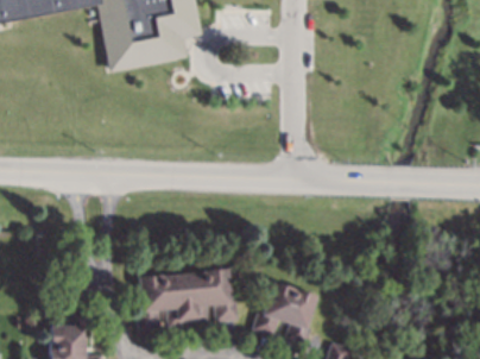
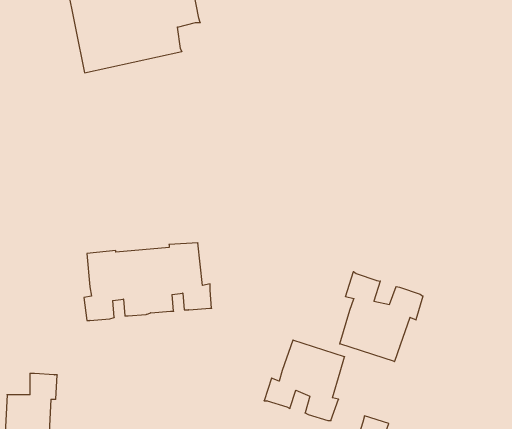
building: none -> [340,272,423,362]
building: [137,267,236,328] -> [84,243,212,320]

